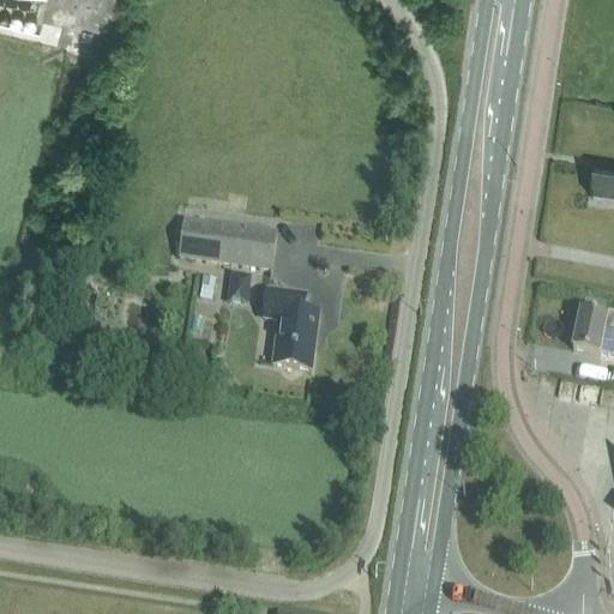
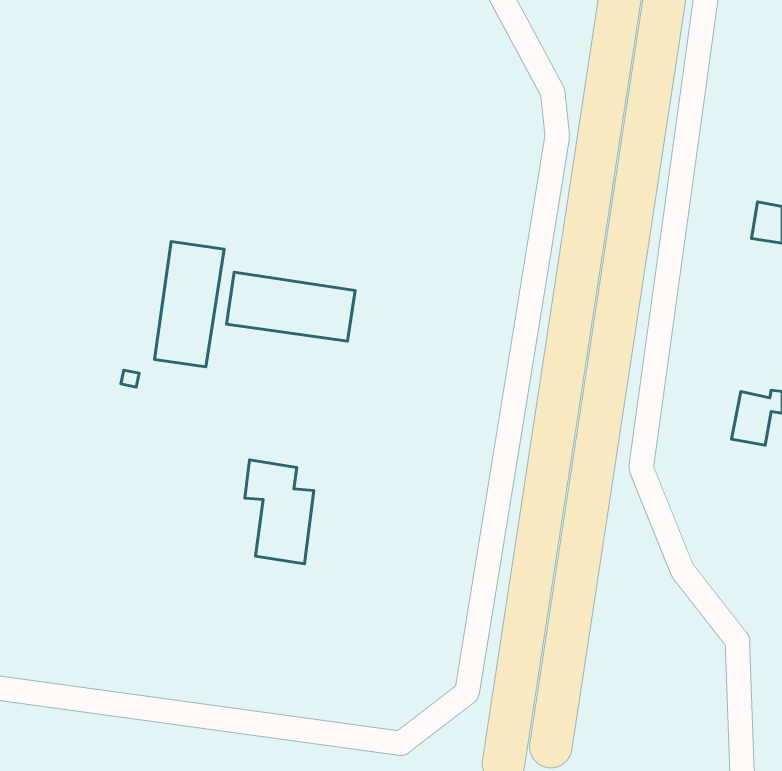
building: none -> [154,241,224,367]
building: [265,284,319,366] -> [245,460,314,564]

